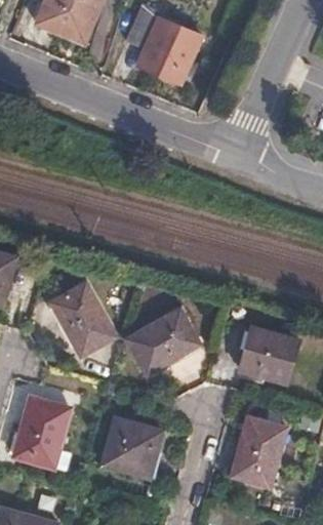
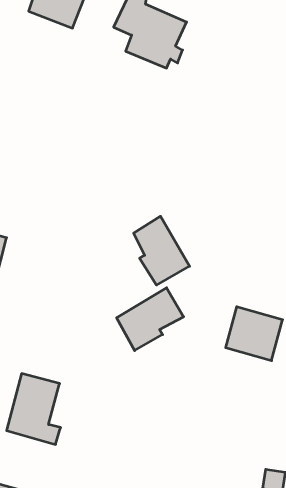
building: [55,282,113,353] -> [134,216,190,285]
building: [103,416,162,476] -> none
building: [236,416,286,486] -> none

